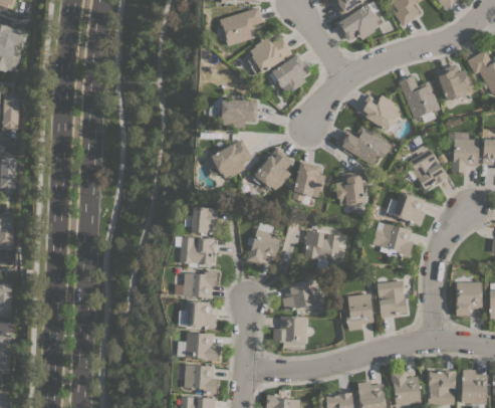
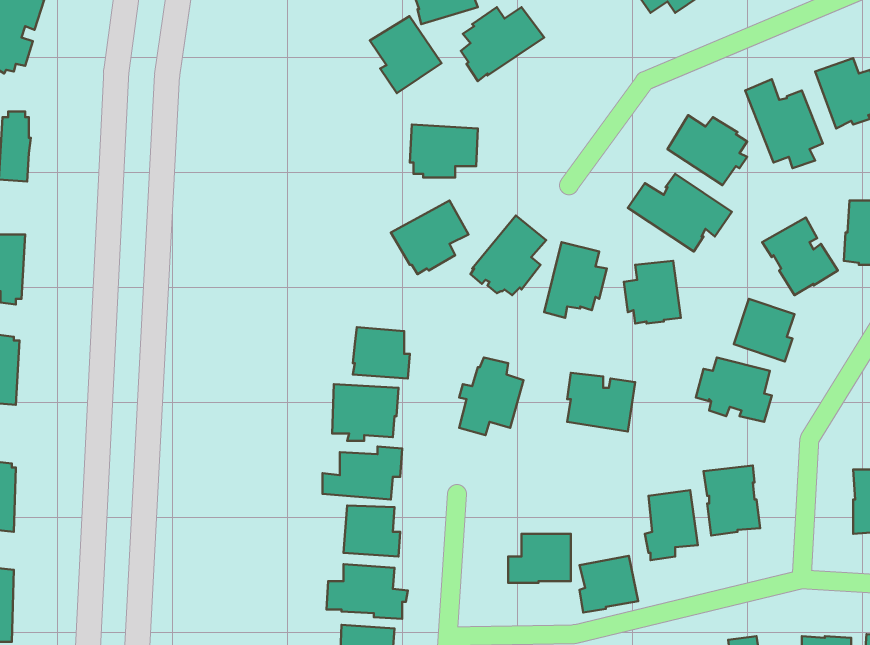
building: none -> [370,16,442,93]
building: [269,54,308,92] -> none
building: [282,280,313,311] -> [579,556,638,613]

